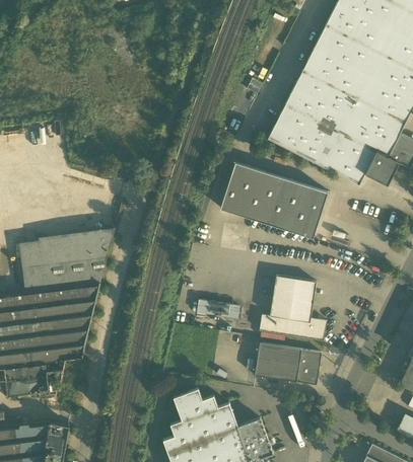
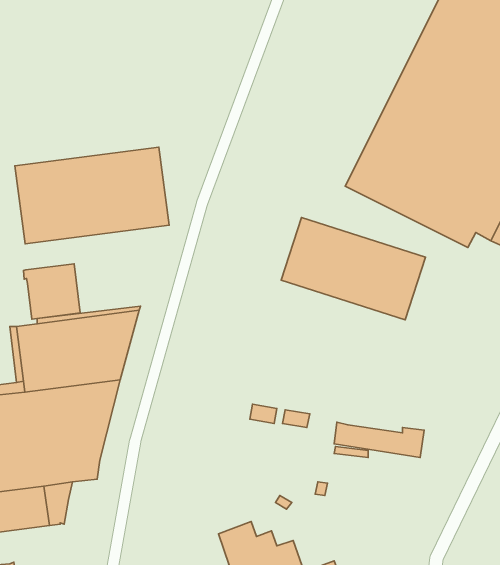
building: none -> [15,147,169,244]
building: none -> [23,264,80,319]
building: [270,276,317,322] -> none
building: [255,343,322,385] -> none

